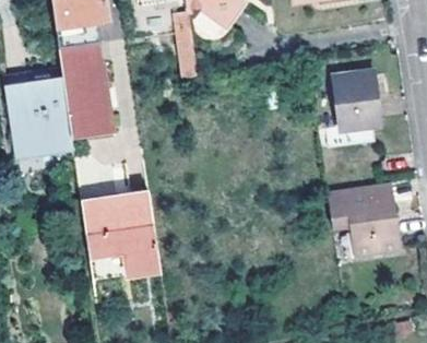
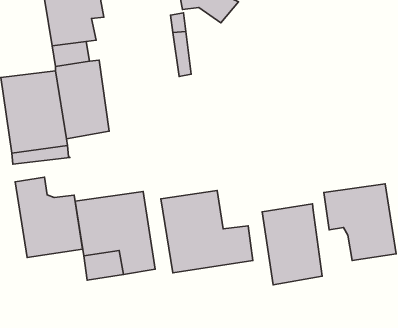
building: [330,70,391,147] -> none
building: none -> [15,177,83,257]
building: none -> [161,191,253,273]
building: none -> [262,204,322,285]

